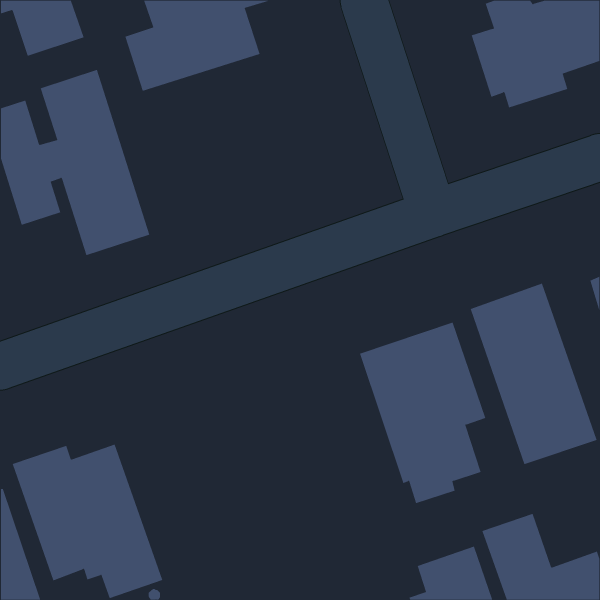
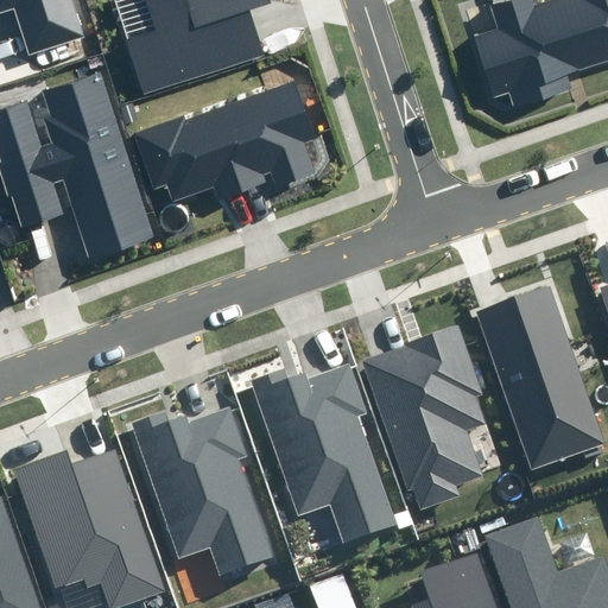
building: none -> [132,80,315,204]
building: none -> [249,363,394,540]
building: none -> [134,407,273,572]

